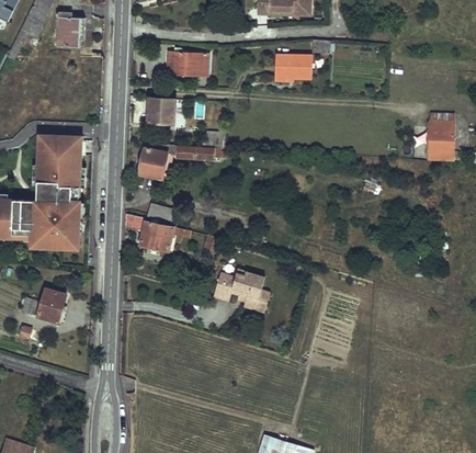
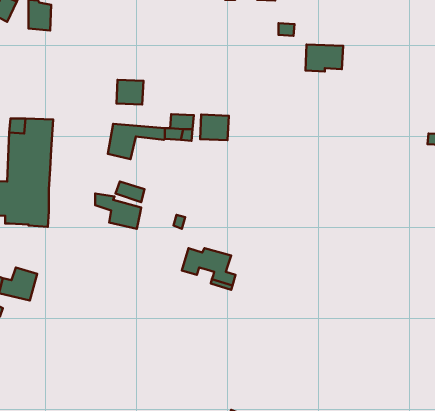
building: [172,47,207,76] -> none
building: [274,54,313,81] -> [306,45,343,71]
building: [429,113,454,160] -> none
building: none -> [200,115,229,140]

